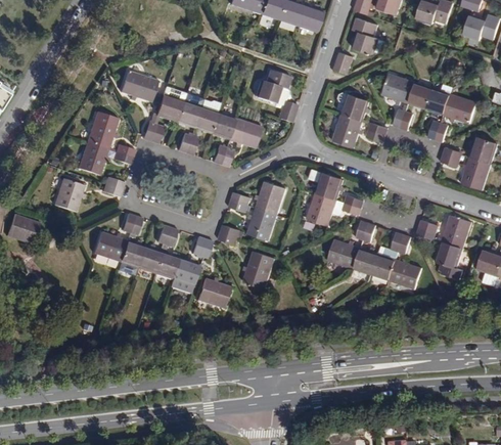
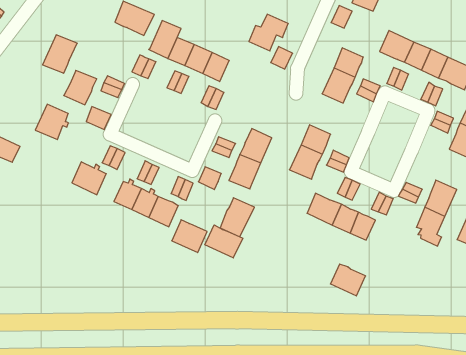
building: [87,112,119,148] -> [43,35,77,73]
building: [229,118,262,147] -> none
building: [120,239,144,267] -> none
building: [388,260,421,290] -> [330,264,366,296]
building: none -> [205,225,243,258]

